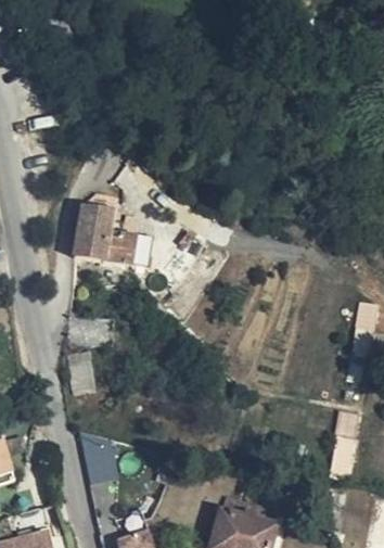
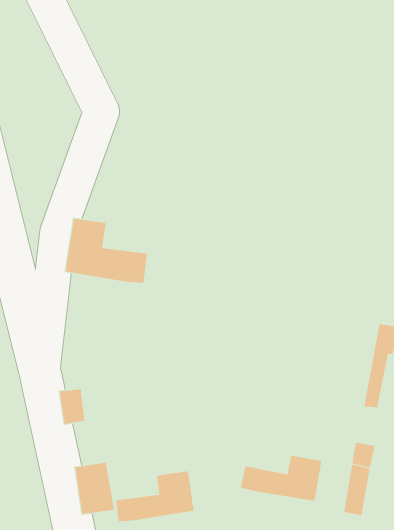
building: none -> [240,455,322,501]
building: none -> [116,471,194,522]

